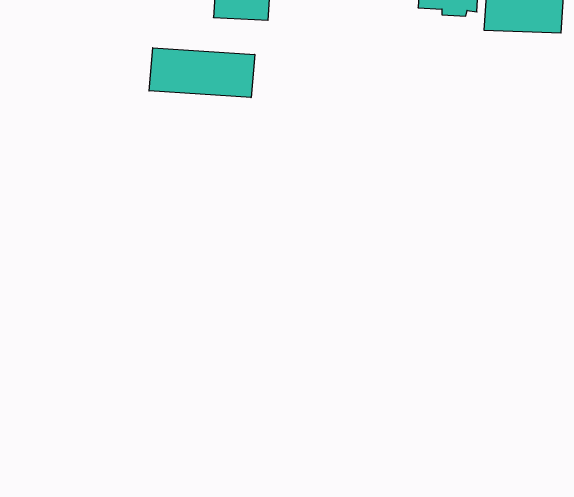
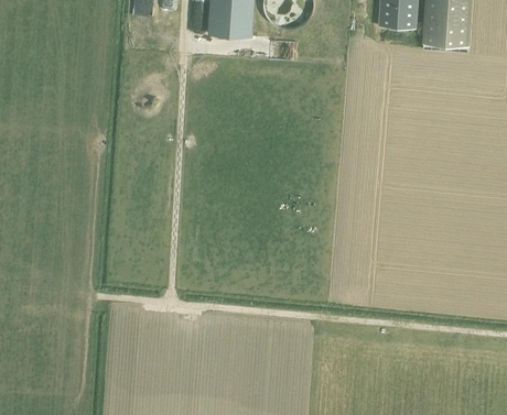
building: [149,48,255,98] -> none

